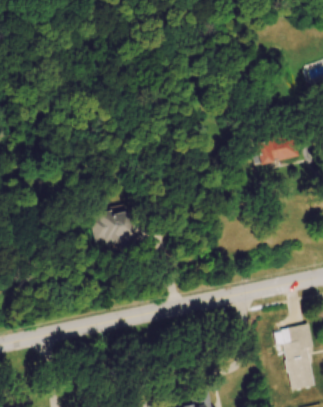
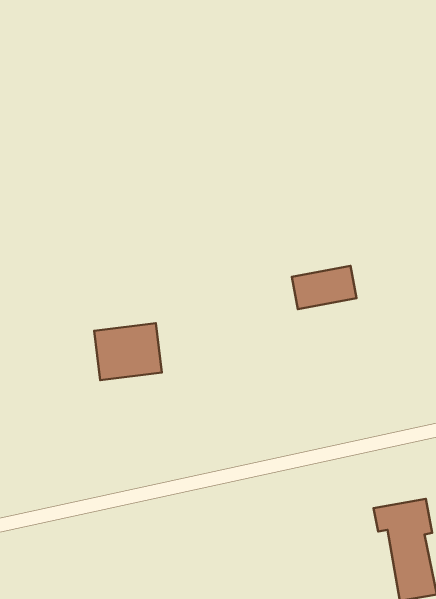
building: [258,136,300,164] -> [292,266,357,309]

